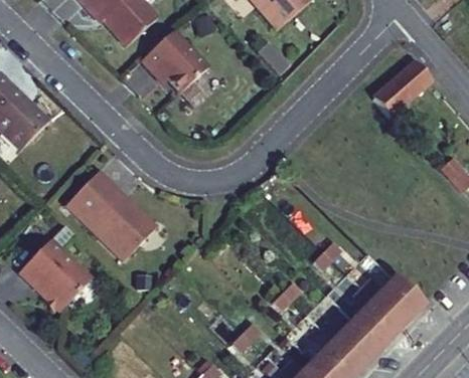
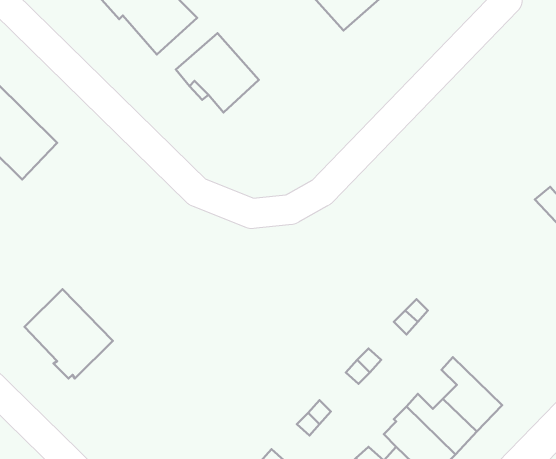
building: [378,64,435,119] -> none
building: [63,168,154,258] -> none
building: [362,279,421,328] -> none

